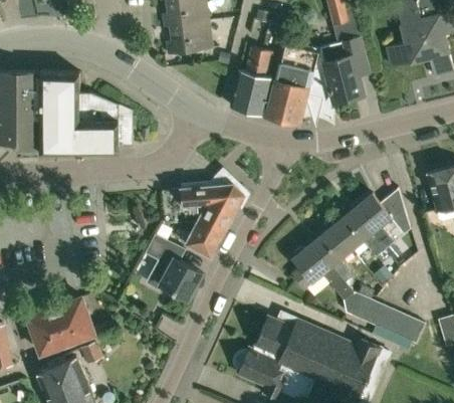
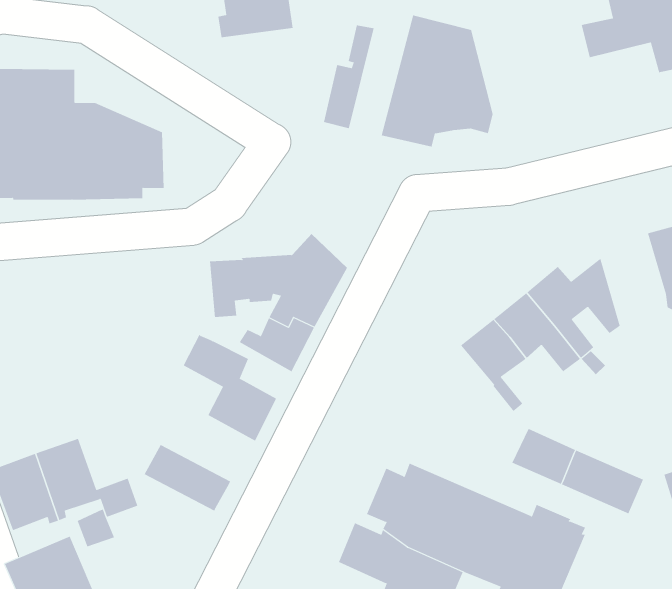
building: [320,40,363,102] -> none
building: [246,49,271,115] -> none
building: [293,242,355,300] -> none
building: none -> [144,444,231,512]

